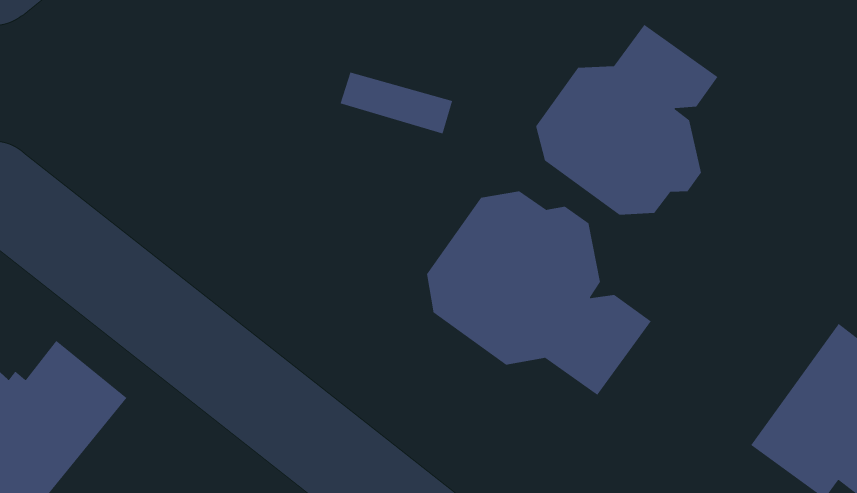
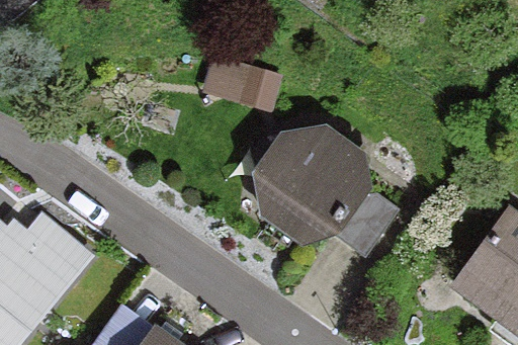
building: [535,24,718,215] -> none

